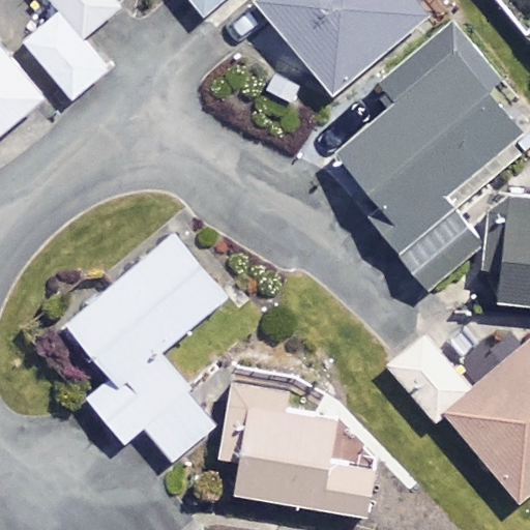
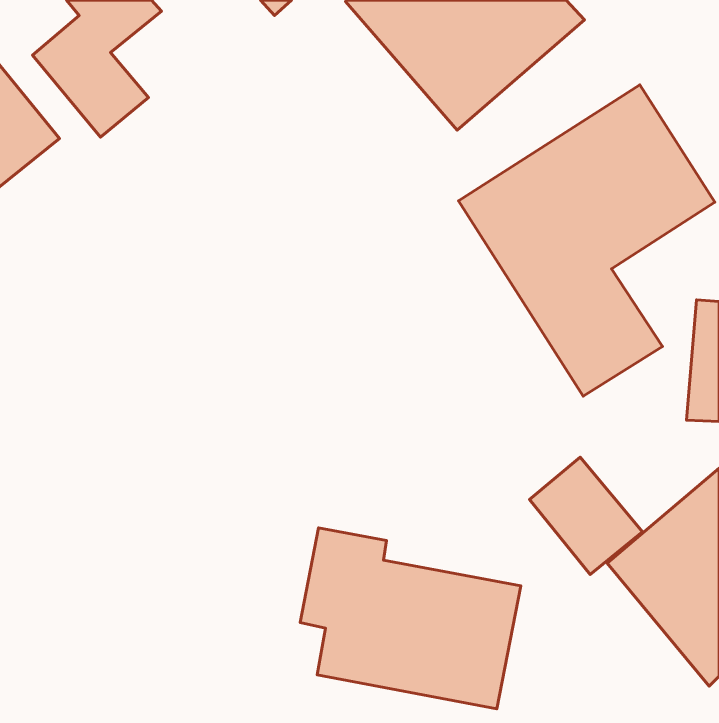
building: [67,236,226,461] -> none

